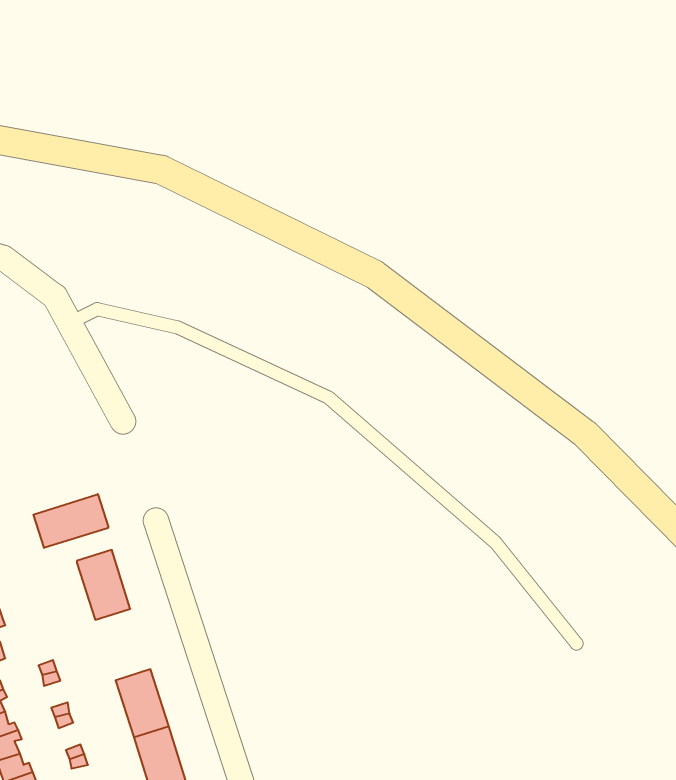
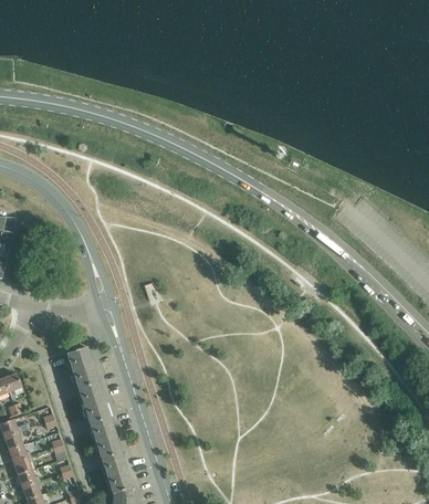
building: [33,494,108,548] -> none
building: none -> [77,382,111,426]

